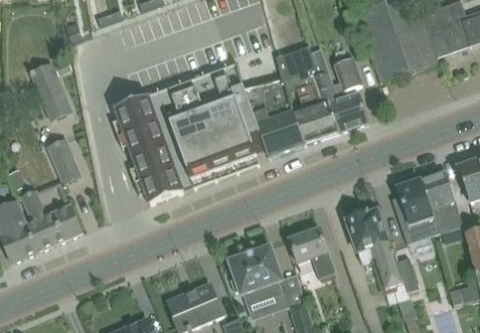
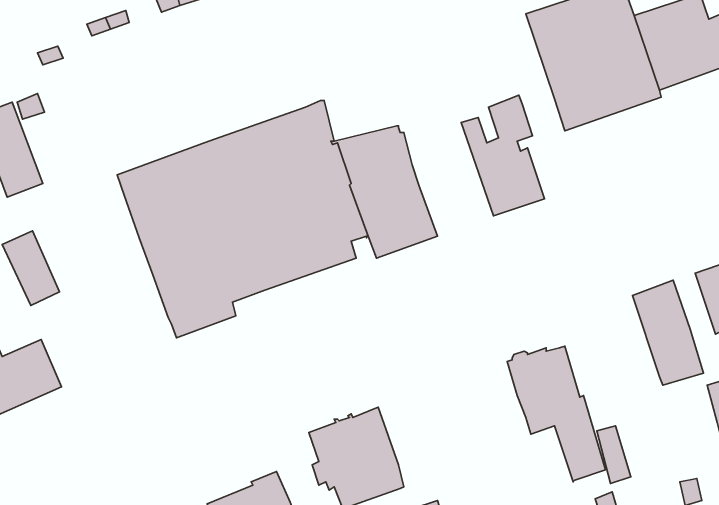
building: [276,44,338,143] -> none
building: [390,178,439,242] -> none
building: [289,227,334,279] -> none

